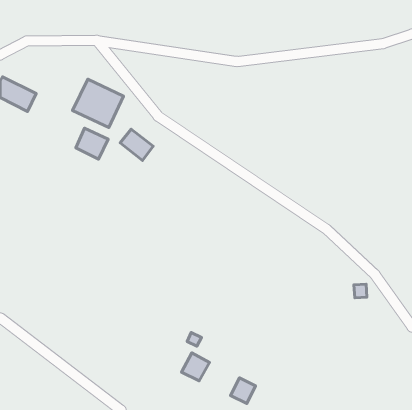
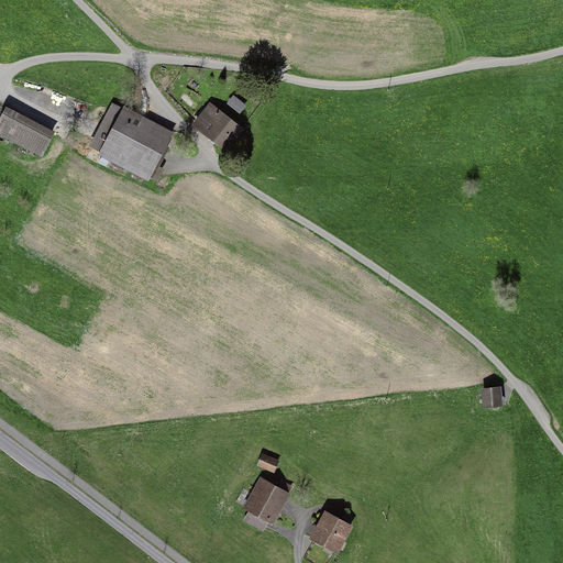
building: [76,128,108,159] -> none
building: [120,129,153,161] -> [196,106,241,148]

